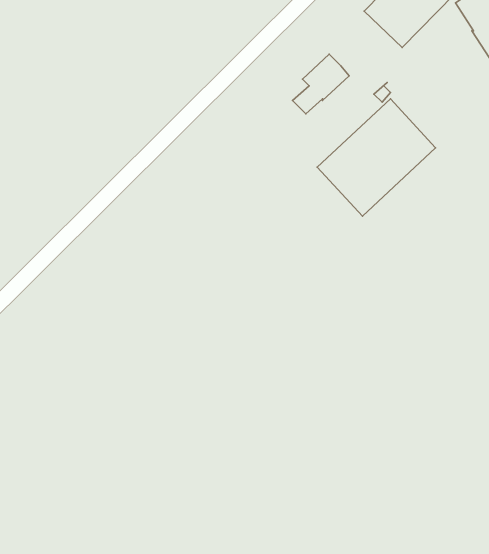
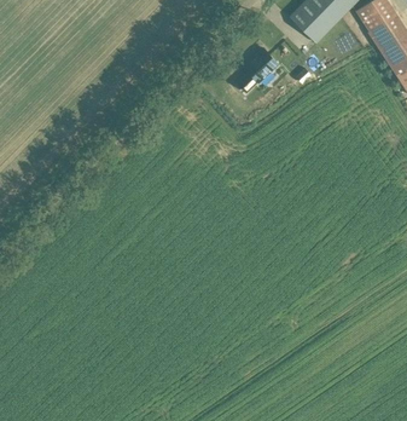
building: [317,99,436,216] -> none

